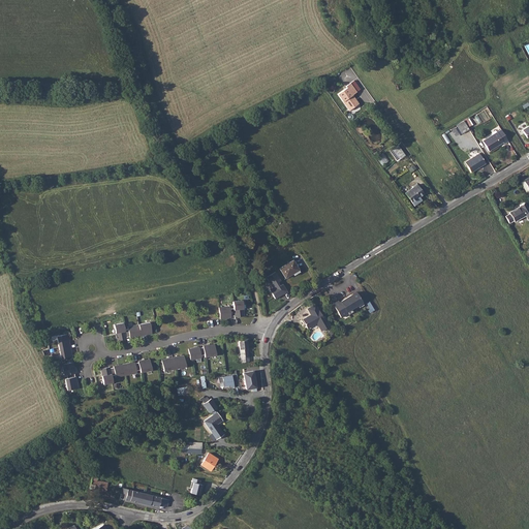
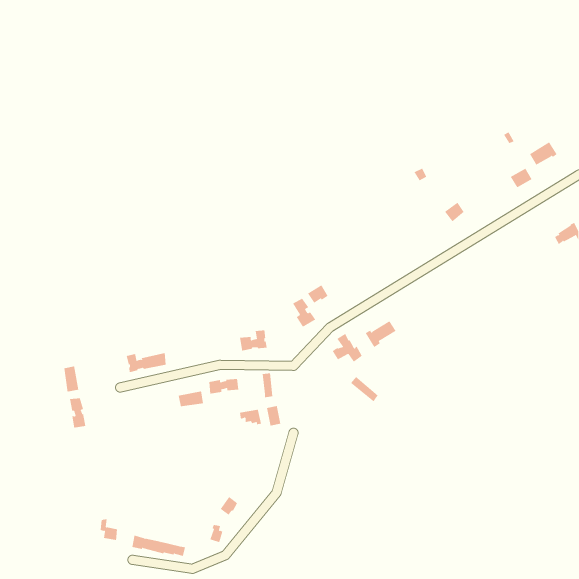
building: [338,80,362,111] -> none
building: [100,360,152,384] -> none
building: [204,399,223,439] -> none

